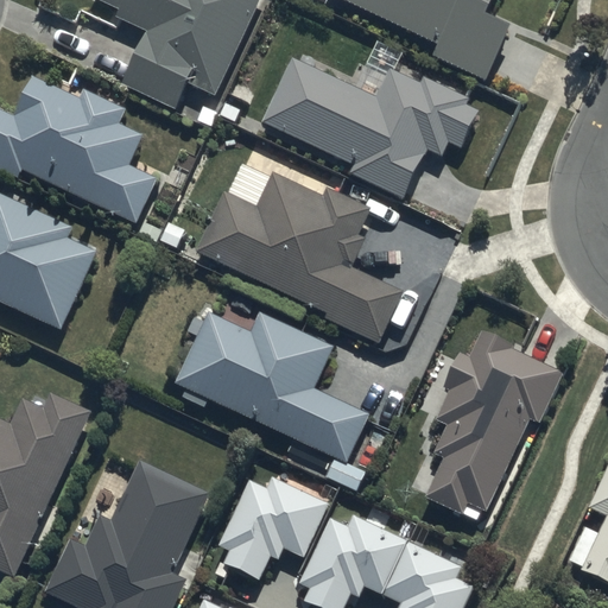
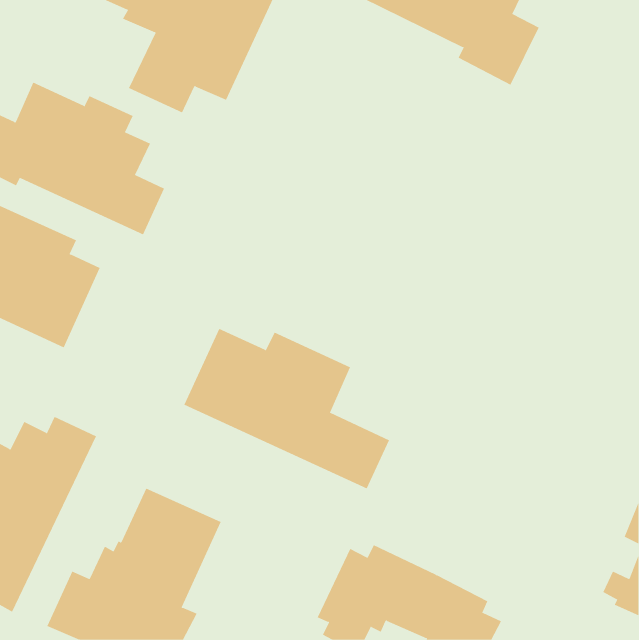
building: [262,57,479,197] -> none
building: [195,164,401,343] -> none
building: [424,330,562,514] -> none
building: [218,479,328,577] -> none

